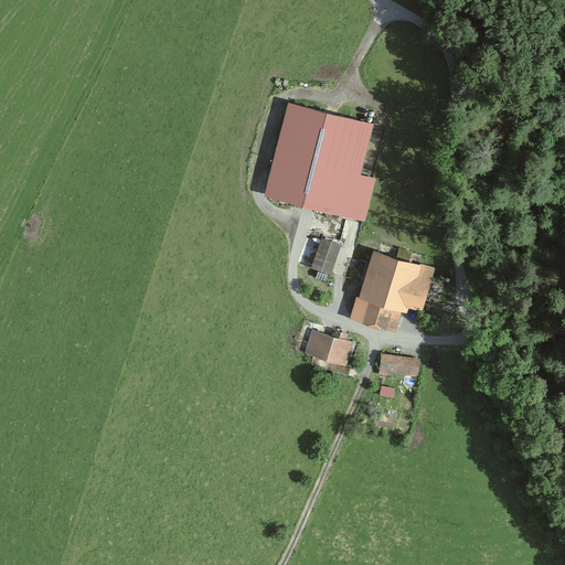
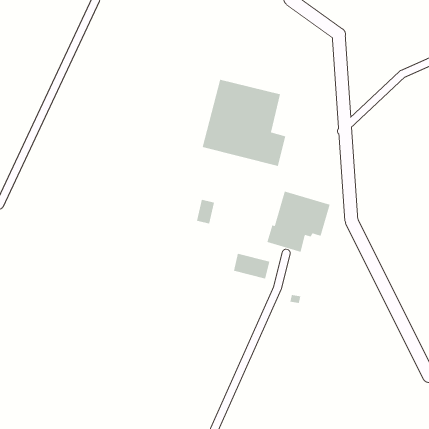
building: [315,239,339,273] -> [196,199,215,224]
building: [377,354,420,377] -> none

